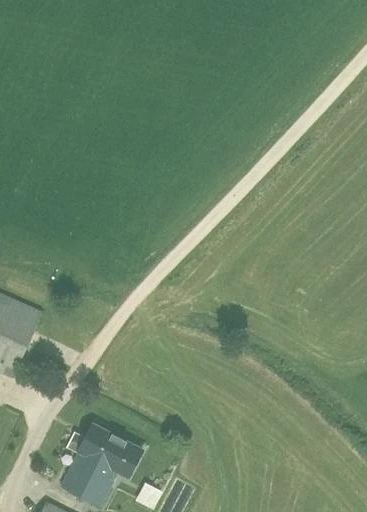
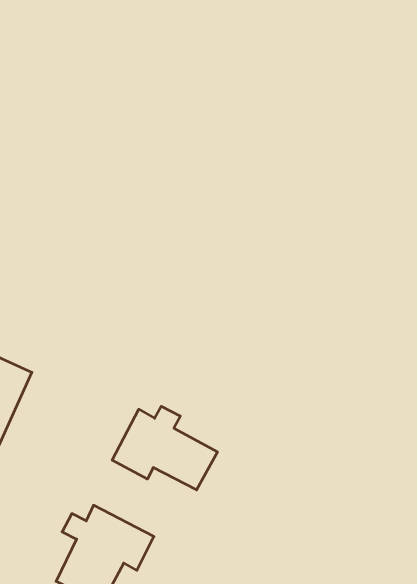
building: none -> [112,406,217,490]

